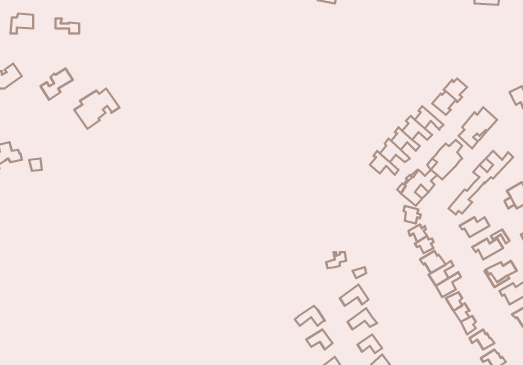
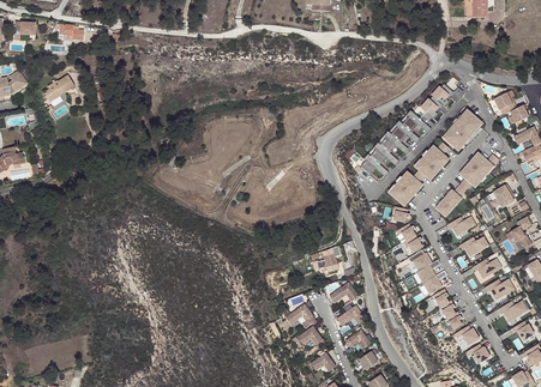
building: [74,88,119,129] -> none

